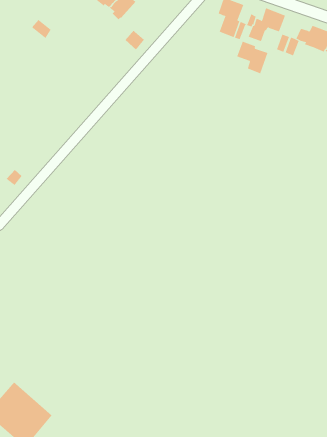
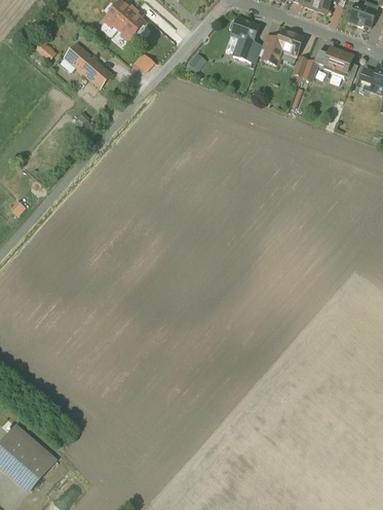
building: none -> [64,43,111,88]
building: [237,41,268,74] -> none

